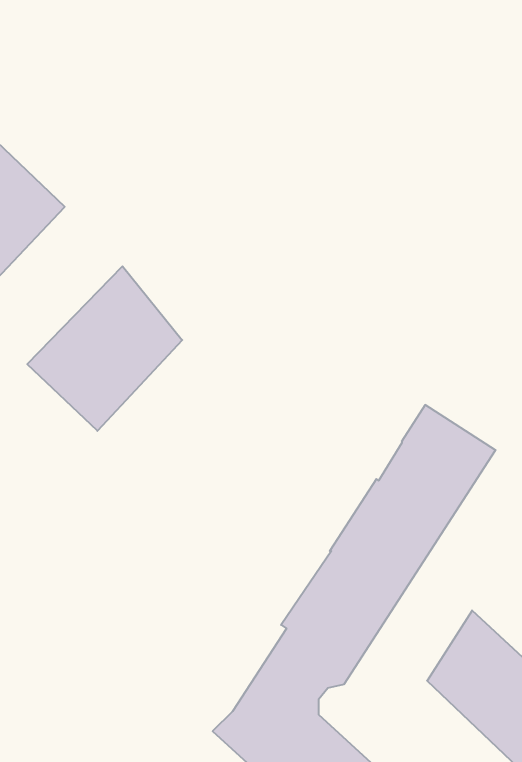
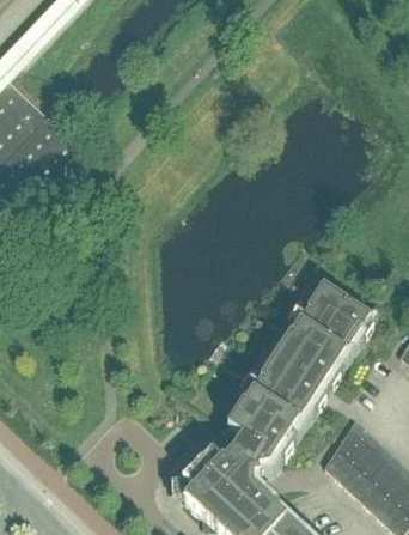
building: [27,266,182,431] -> none

